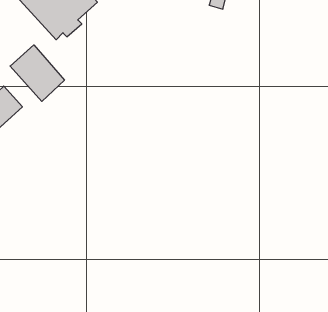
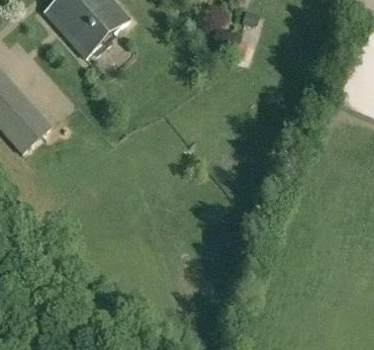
building: [10,45,64,101] -> none

